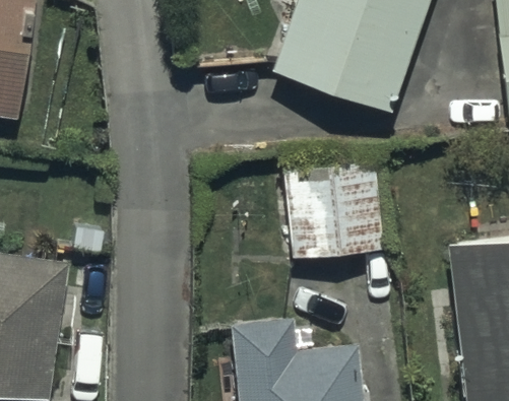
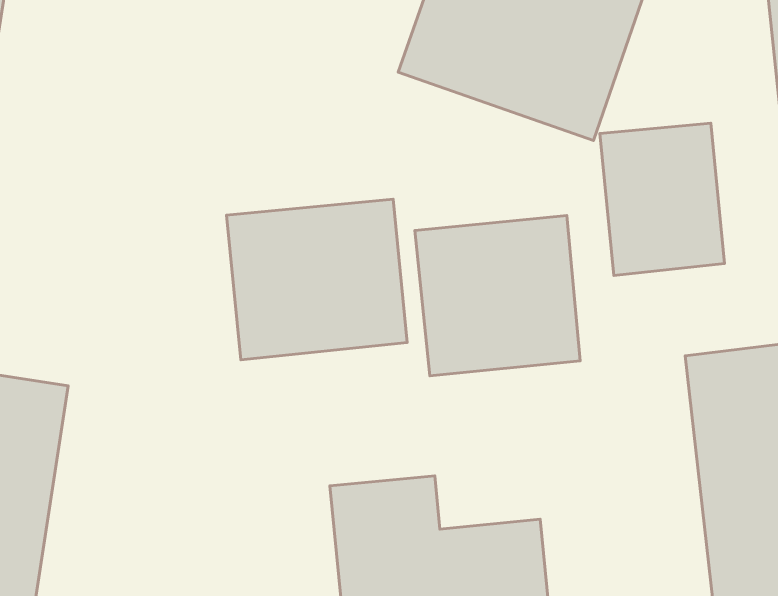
building: none -> [600,123,725,275]
building: none -> [226,199,407,360]

